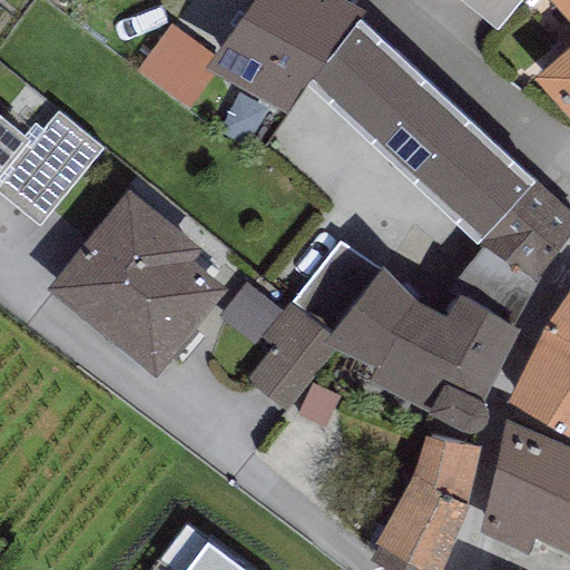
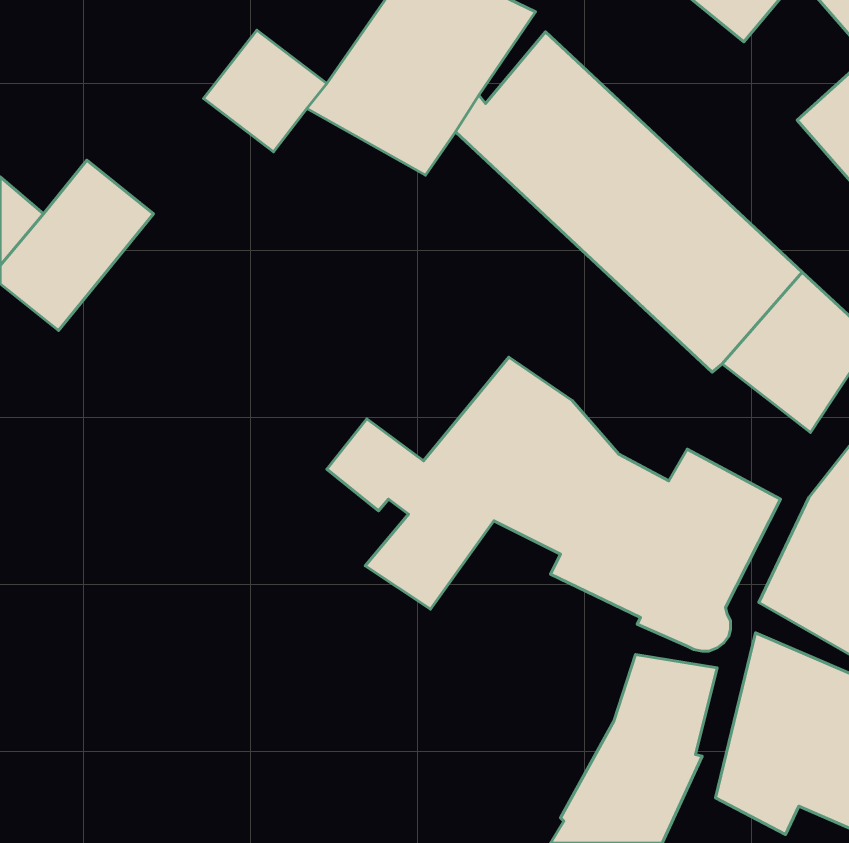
building: [49,189,228,377] -> none
building: [454,243,543,333] -> none

